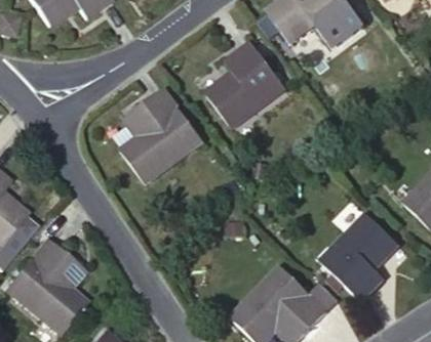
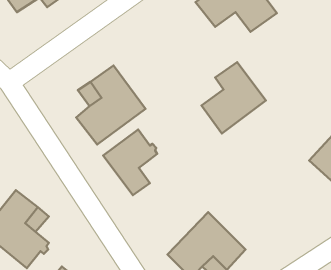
building: [208,42,286,128] -> [202,62,266,133]
building: none -> [103,129,157,195]
building: [319,212,396,300] -> none

